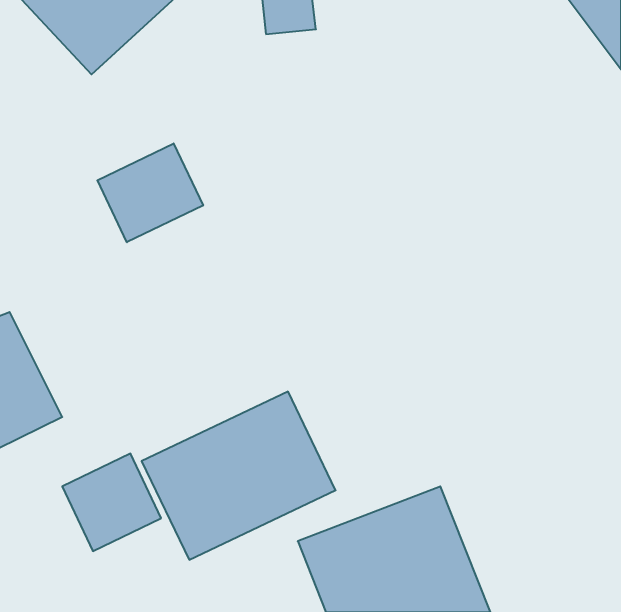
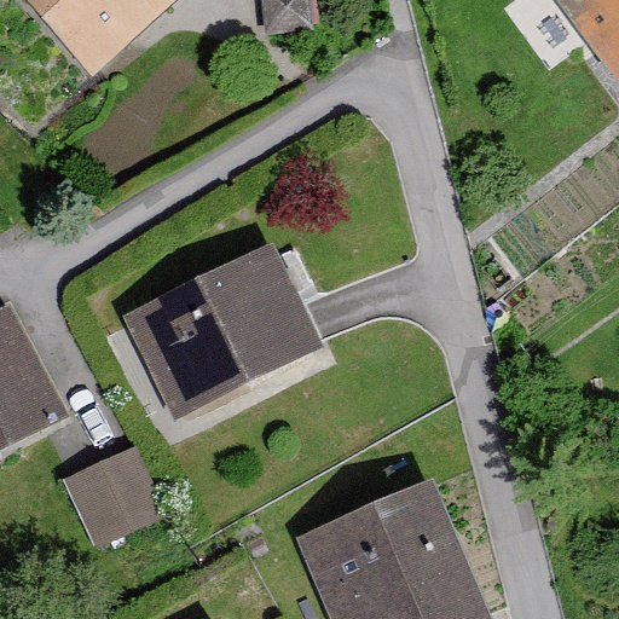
building: [97,143,203,242] -> none
building: [142,392,336,560] -> [127,248,319,415]

